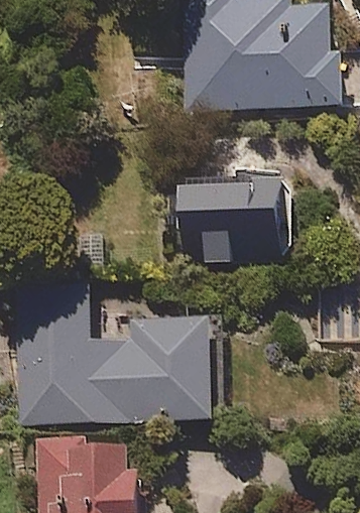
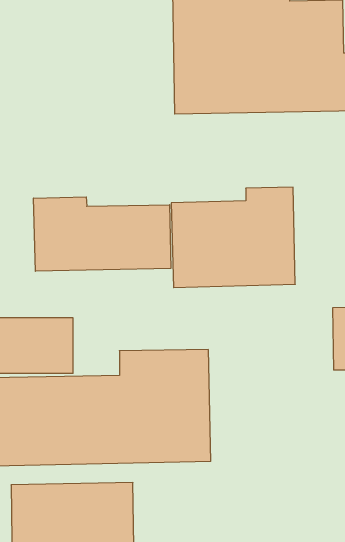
building: none -> [34,197,171,271]

